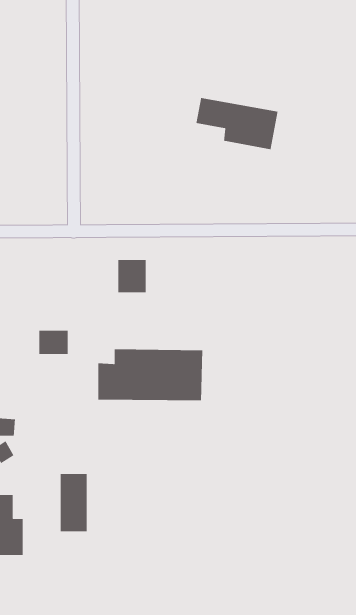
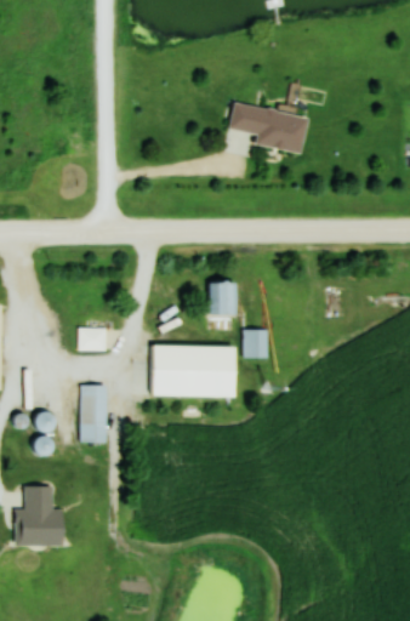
building: [117,259,146,293] -> [209,281,237,314]
building: none -> [244,330,267,357]
building: [60,473,88,532] -> [80,384,107,441]

